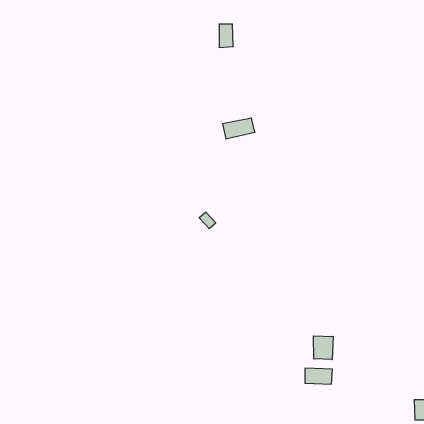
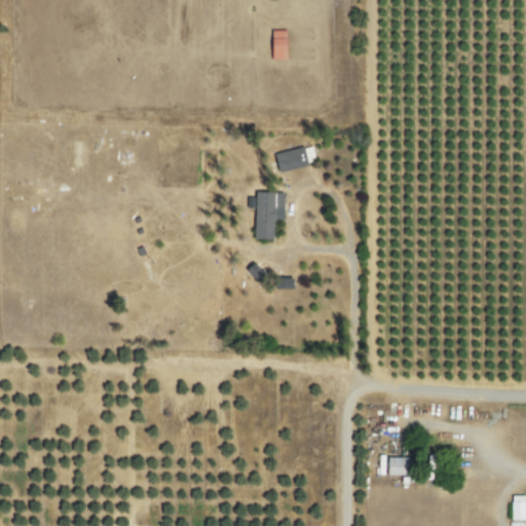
building: none -> [256,192,287,239]
building: [314,336,333,360] -> none

